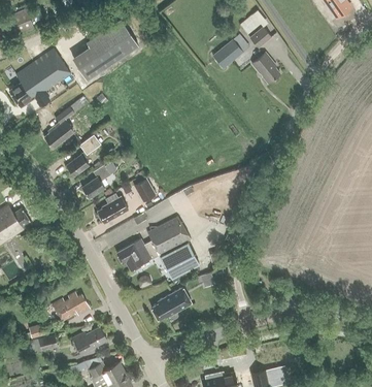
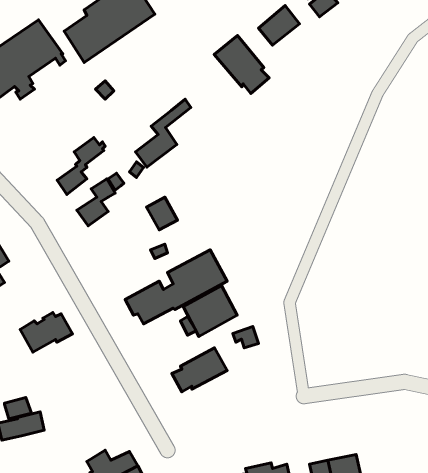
building: [251,52,280,83] -> none
building: none -> [214,36,269,93]
building: [44,98,84,148] -> [136,99,191,167]
building: [98,194,128,223] -> none
building: [52,293,90,322] -> [20,312,73,352]
building: [72,326,107,354] -> none

